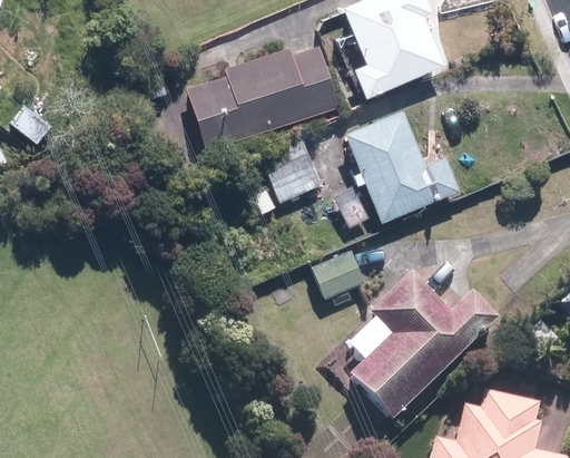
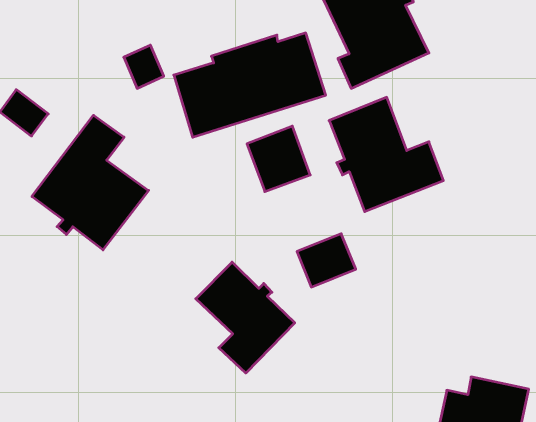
building: none -> [32,115,149,250]
building: [333,272,500,426] -> none
building: none -> [196,262,295,373]

